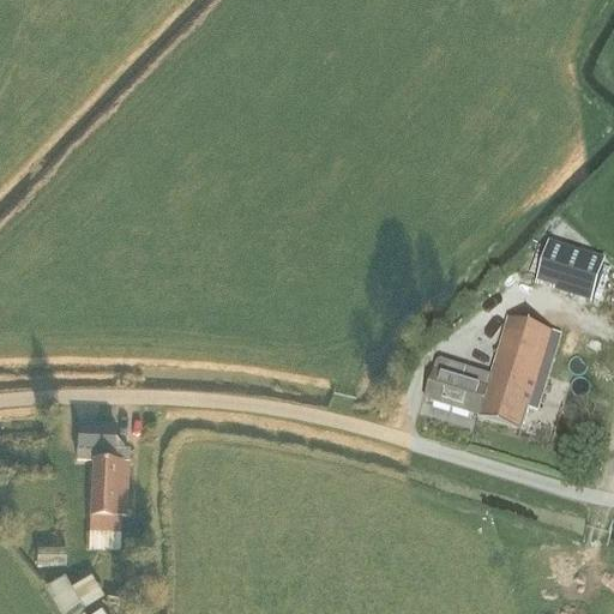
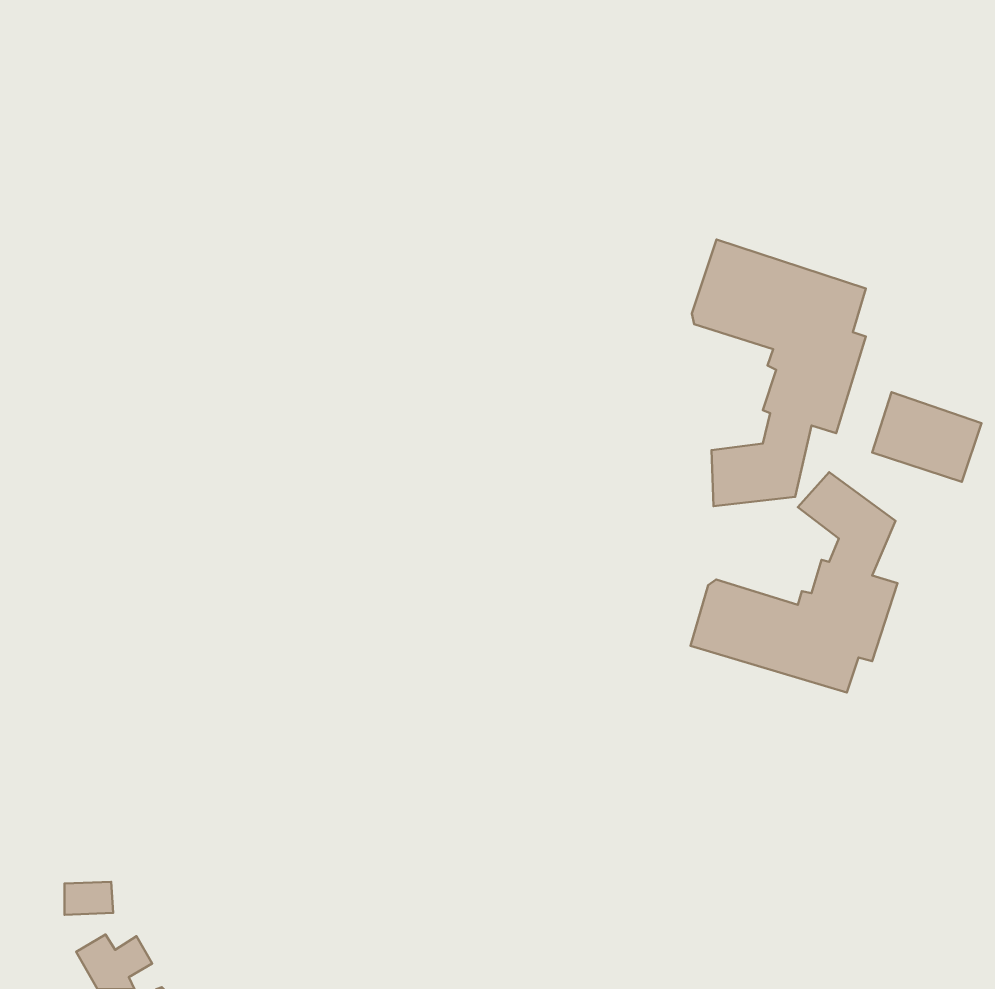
building: none -> [692,240,866,506]
building: [74,422,128,530] -> none

